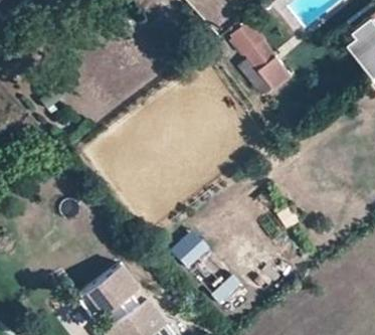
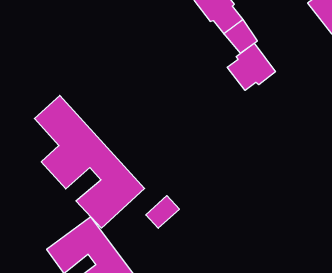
building: none -> [227,43,275,90]
building: none -> [34,95,145,228]

